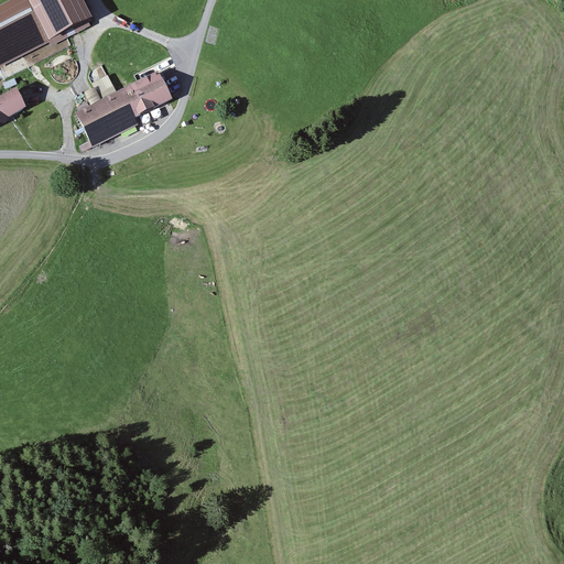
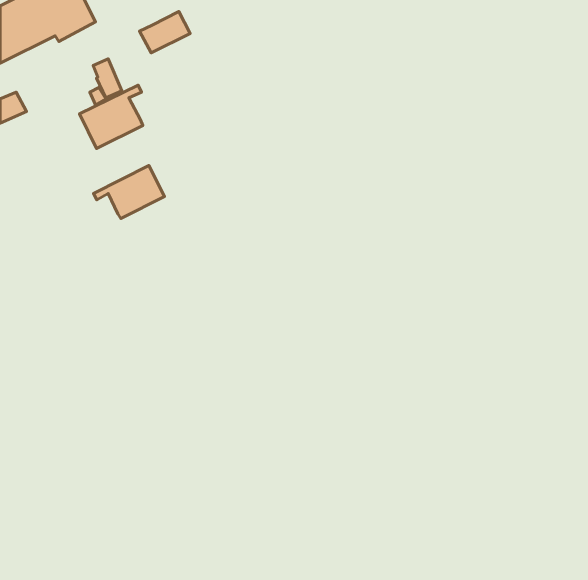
building: [123,75,172,115] -> [140,12,190,53]
building: none -> [94,165,165,219]

